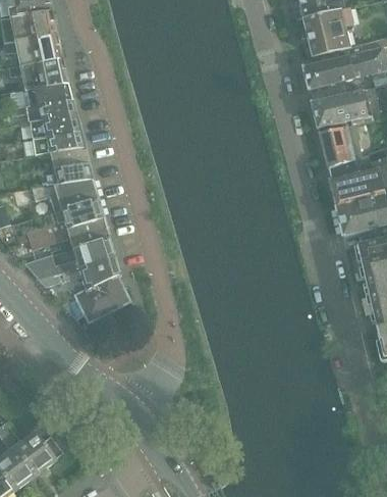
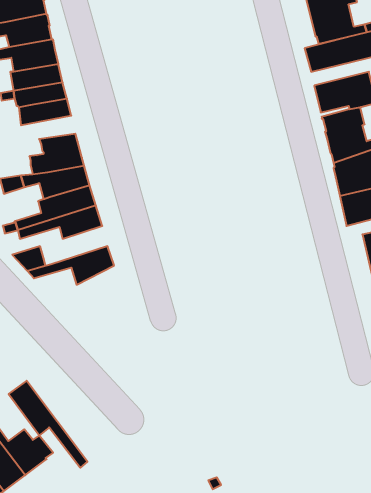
building: [33,131,85,155] -> none
building: [54,236,115,274] -> none
building: [77,274,127,322] -> none
building: none -> [9,381,87,468]

